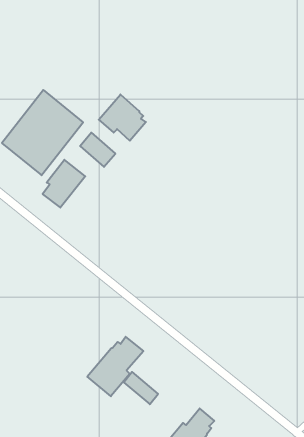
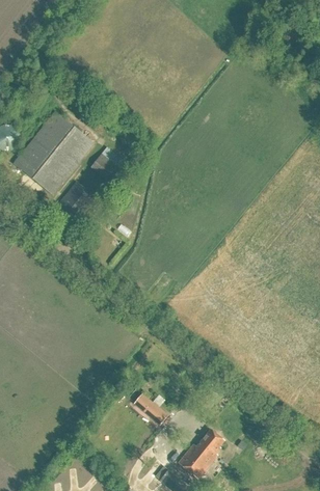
building: [99,94,146,141] -> none
building: [87,337,143,396] -> none

